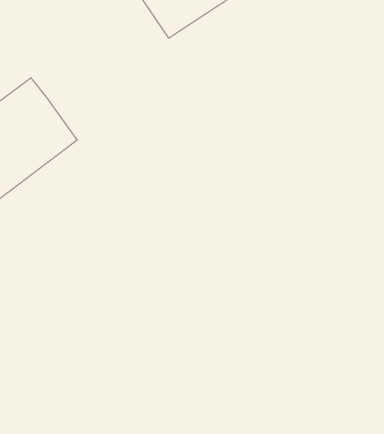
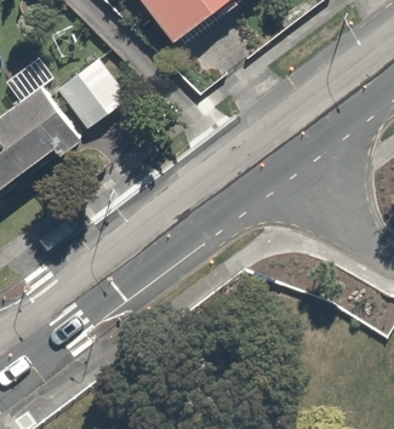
building: none -> [51,56,126,130]

